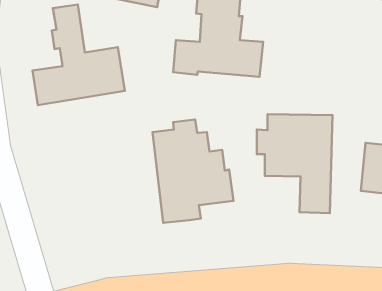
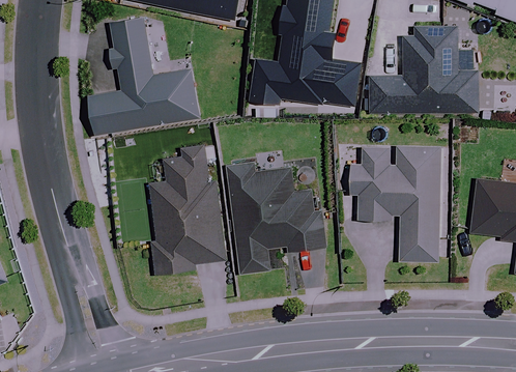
building: none -> [372,25,478,113]
building: none -> [151,147,225,273]

